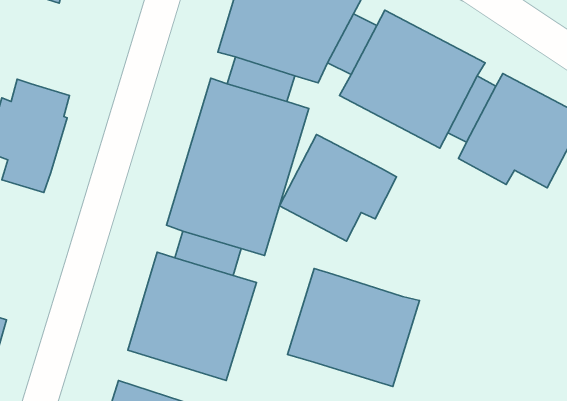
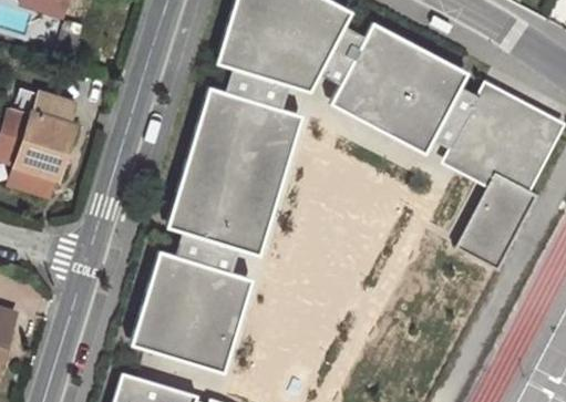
building: [280,135,397,241] -> none
building: none -> [457,174,537,269]
building: [287,269,419,386] -> none

